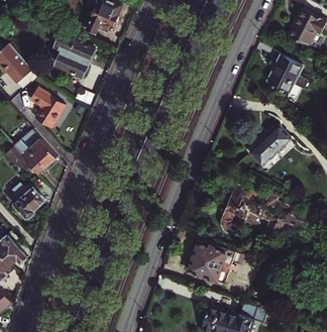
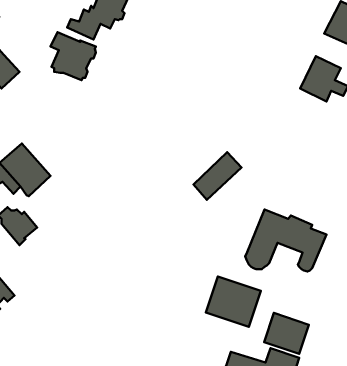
building: [30,88,65,128] -> none
building: [250,125,291,165] -> [194,152,241,200]
building: none -> [264,313,309,354]

